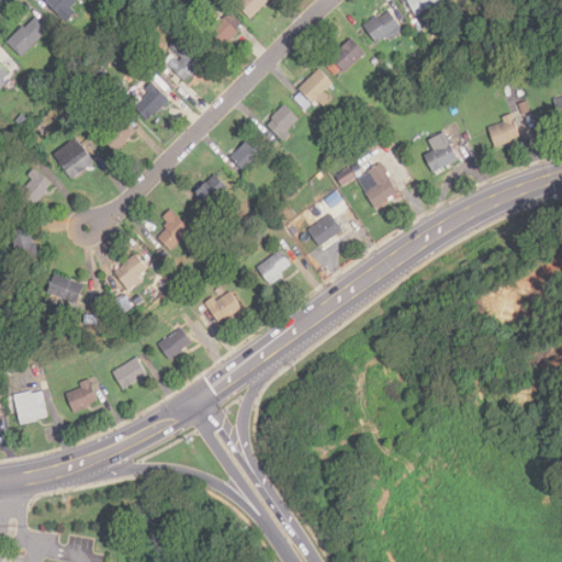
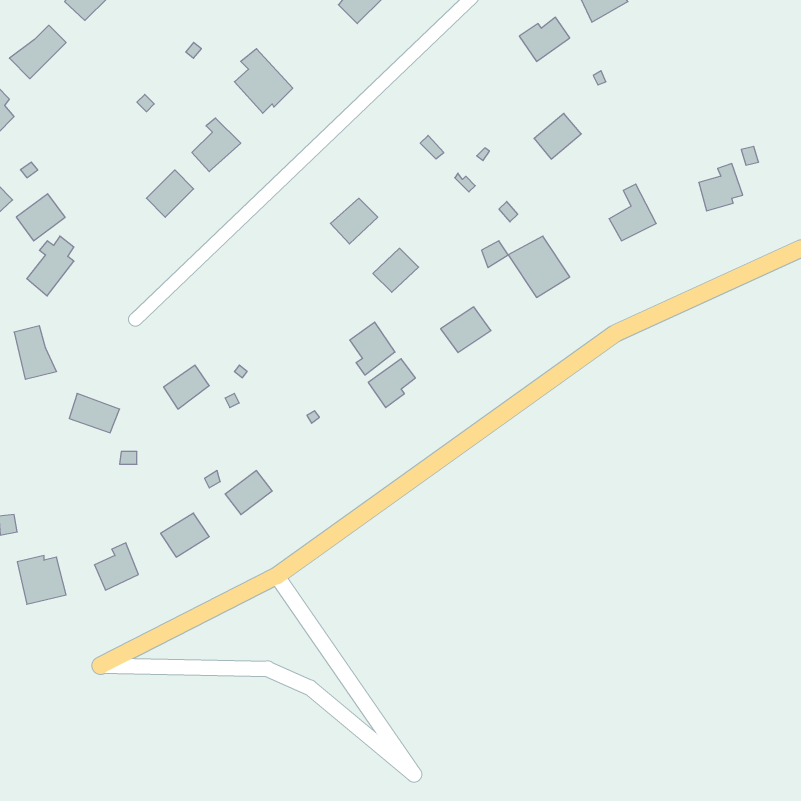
building: [204,18,237,50] -> none
building: [330,38,363,70] -> [534,113,581,159]
building: [297,68,333,102] -> none
building: [267,104,297,140] -> none
building: [59,146,93,179] -> [16,194,65,241]
building: [195,175,227,205] -> [373,248,419,292]
building: [157,214,190,249] -> none
building: none -> [350,322,395,375]
building: [205,291,240,321] -> none

